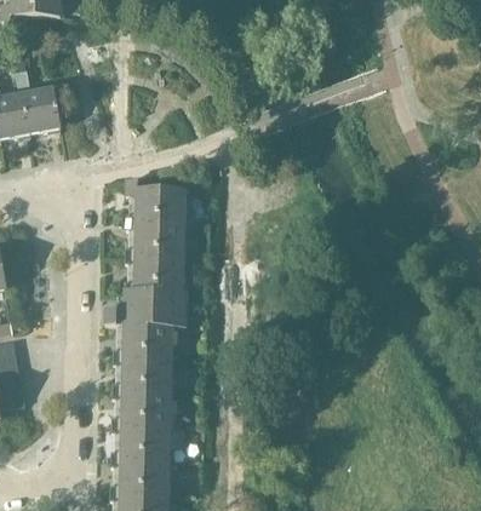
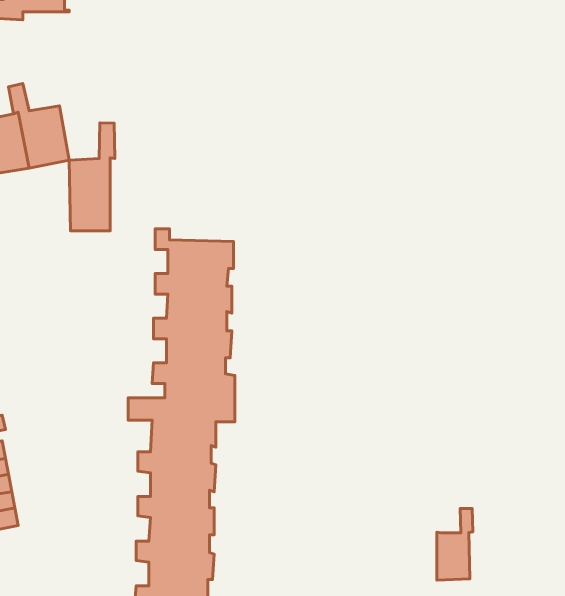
building: none -> [69,123,115,231]
building: none -> [437,508,473,580]

